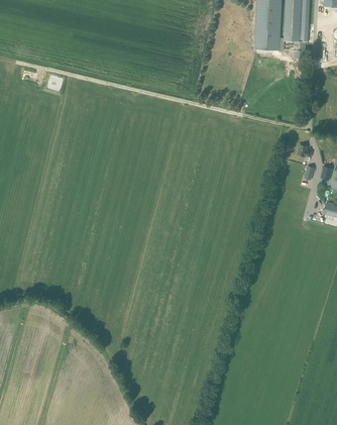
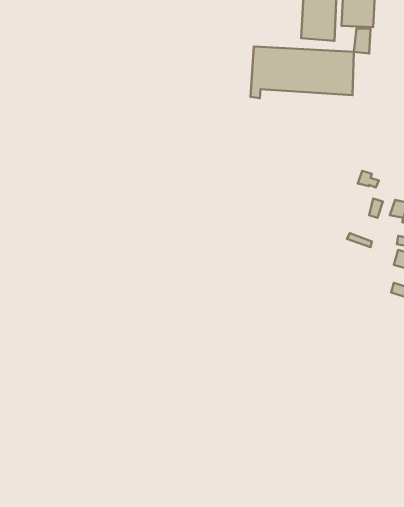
building: none -> [250,47,354,98]

